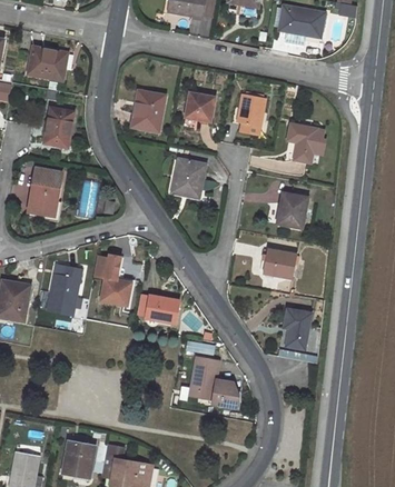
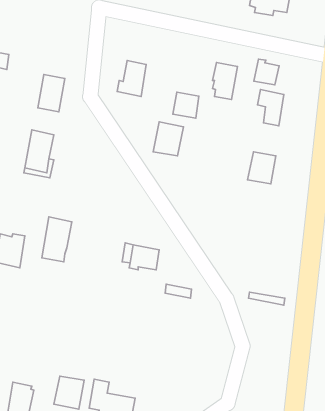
building: [28,47,63,80] -> none
building: none -> [254,59,279,85]
building: [185,91,214,120] -> [173,92,199,118]
building: [263,248,296,277] -> none
building: [93,255,134,304] -> none
building: [283,308,310,347] -> none
building: [189,355,238,407] -> none

